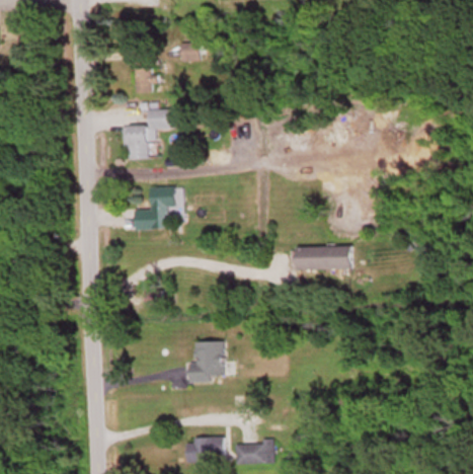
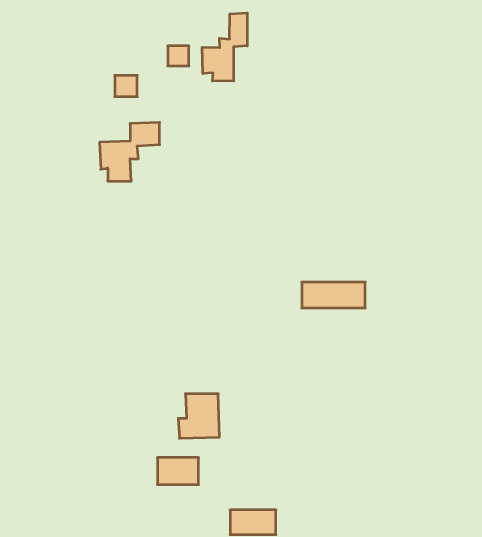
building: none -> [202,13,247,81]
building: [134,187,175,231] -> none
building: [189,439,225,462] -> [157,458,199,485]

